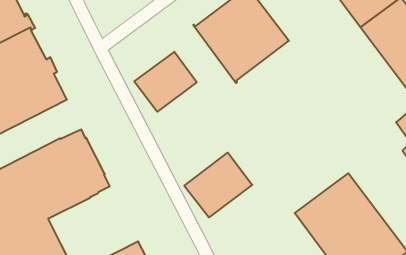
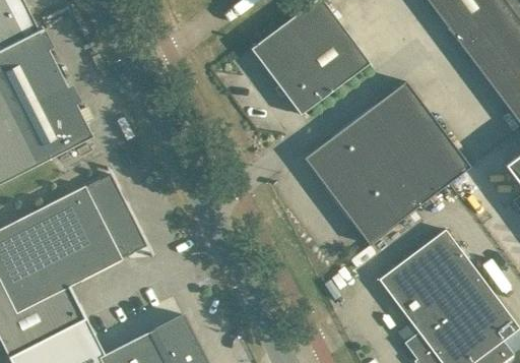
building: [134,52,197,112] -> none
building: none -> [318,81,470,245]
building: [184,153,252,217] -> none

